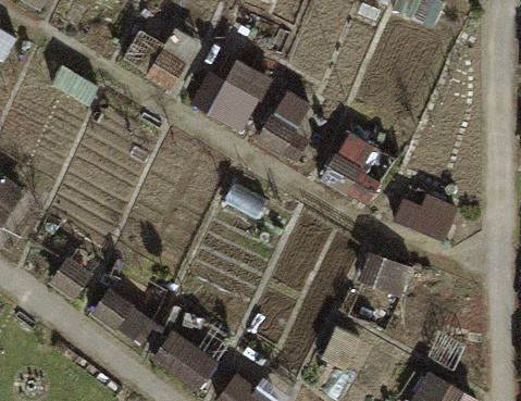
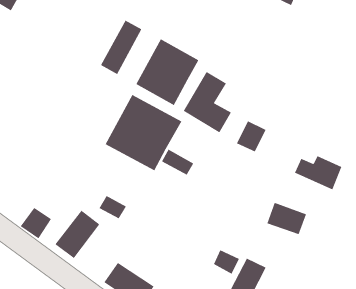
building: none -> [105,94,182,171]

